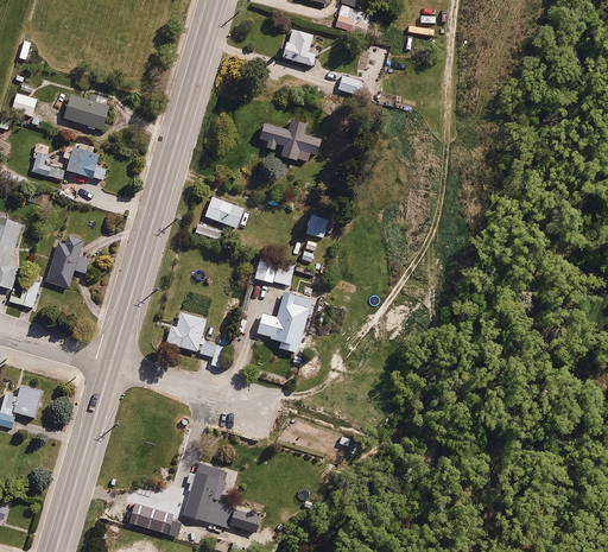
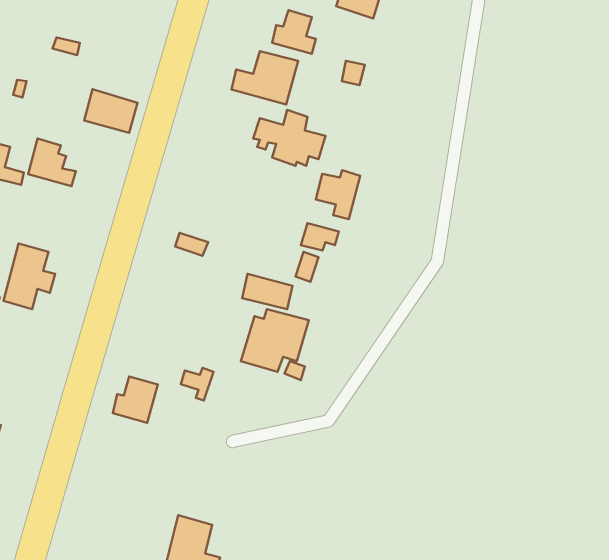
building: none -> [232,51,298,105]
building: [64,94,110,132] -> [84,89,137,133]
building: none -> [316,170,360,219]
building: [205,196,245,228] -> none
building: [166,310,205,350] -> [113,376,158,423]

